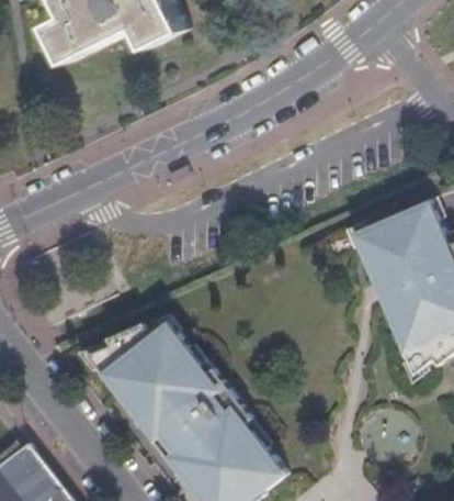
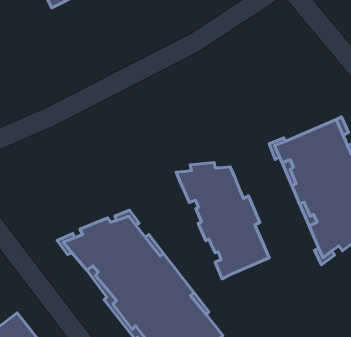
building: none -> [176,163,269,279]

